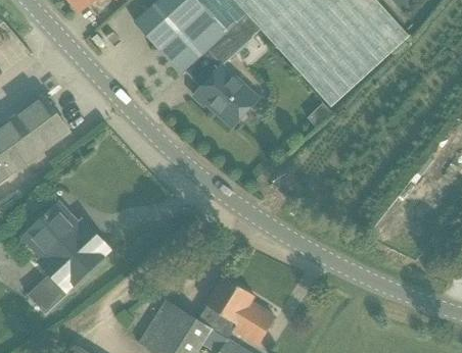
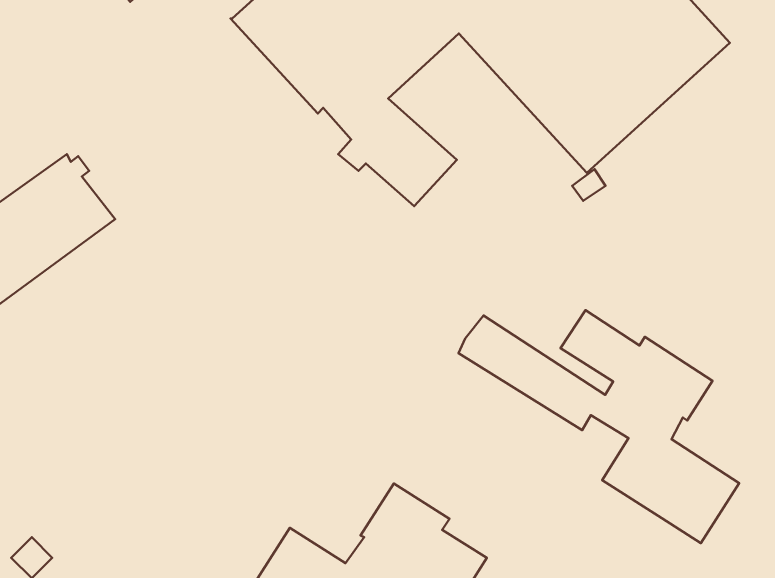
building: none -> [458,310,739,543]
building: [27,206,109,312] -> none

